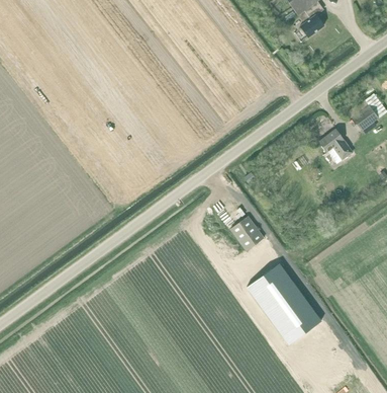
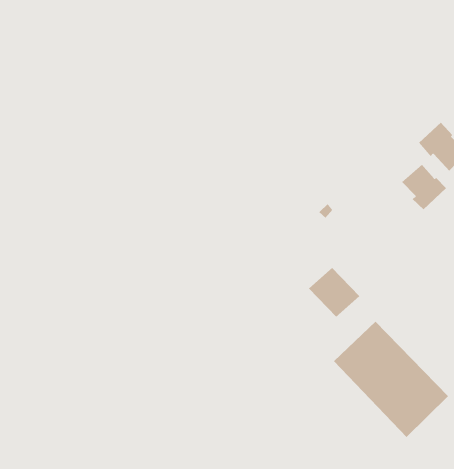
building: none -> [401,164,447,210]

